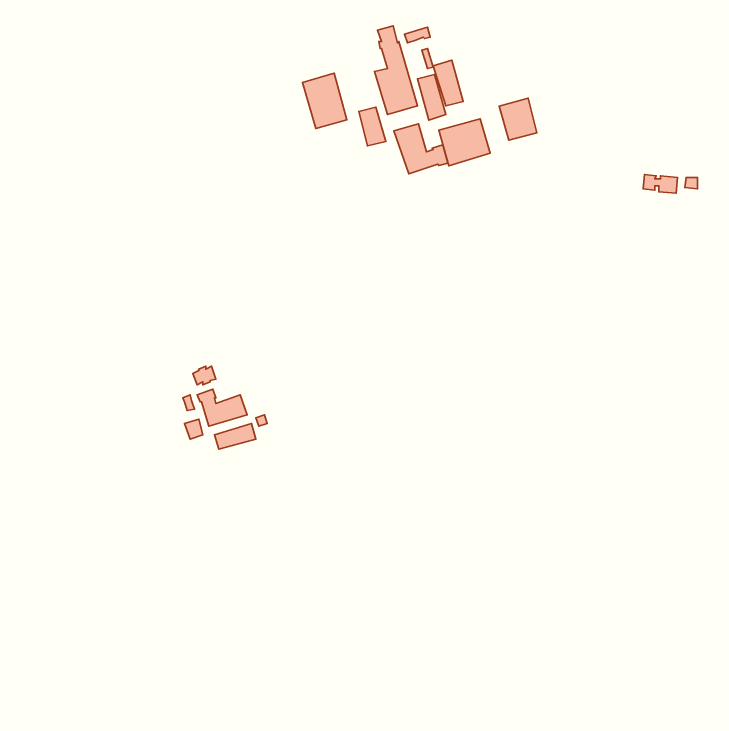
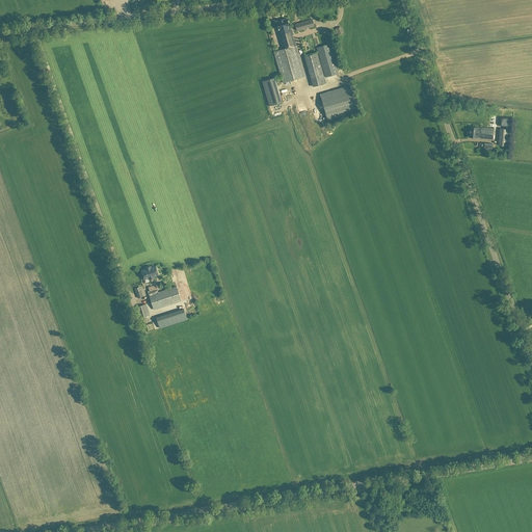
building: [302,73,347,128] -> none
building: [499,98,537,140] -> none
building: [394,124,448,174] -> none

